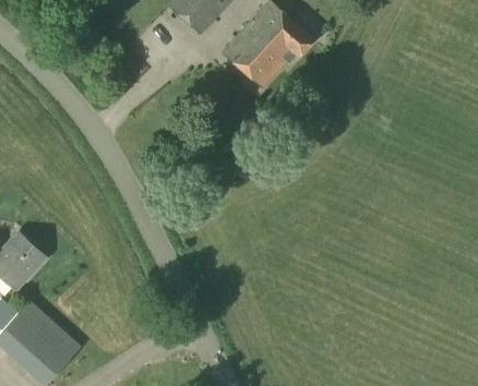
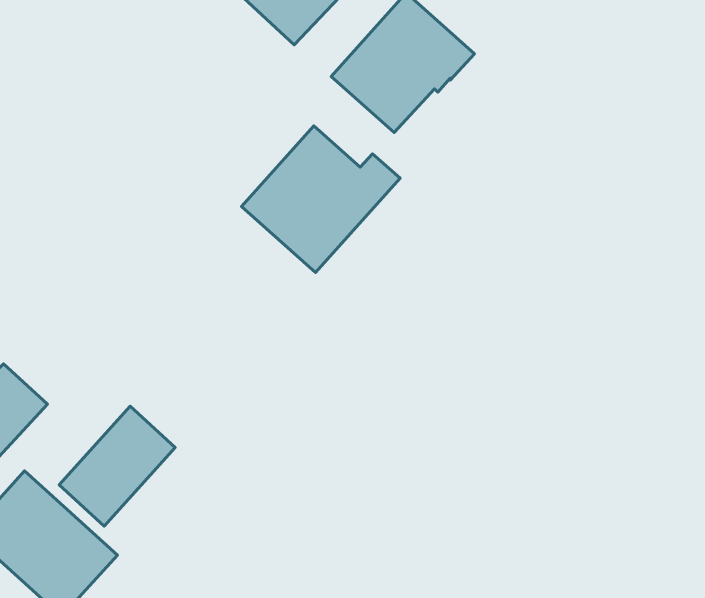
building: none -> [242,126,400,272]
building: none -> [59,406,175,526]

